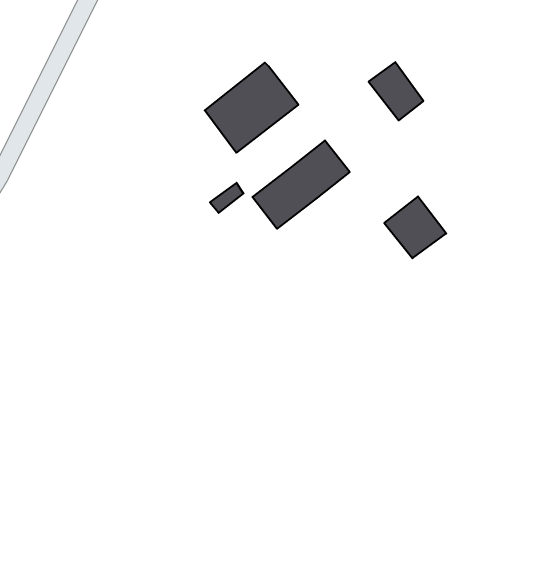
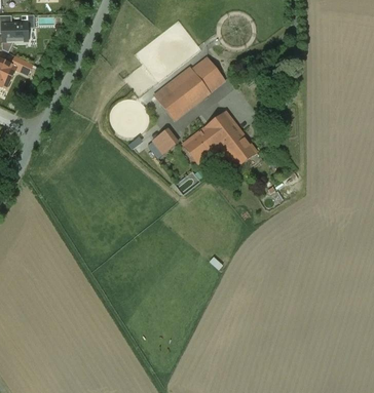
building: [369,62,423,120] -> [192,57,224,91]
building: [384,196,446,258] -> [220,130,256,166]

